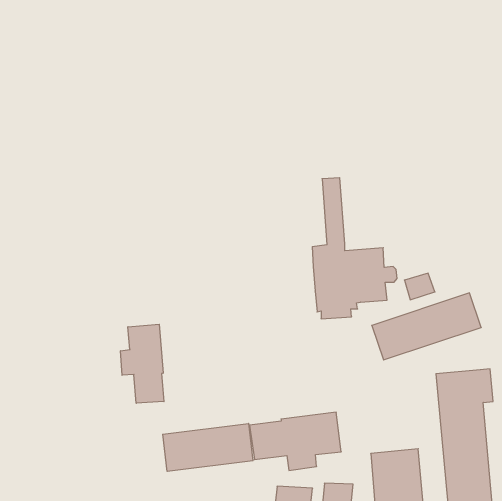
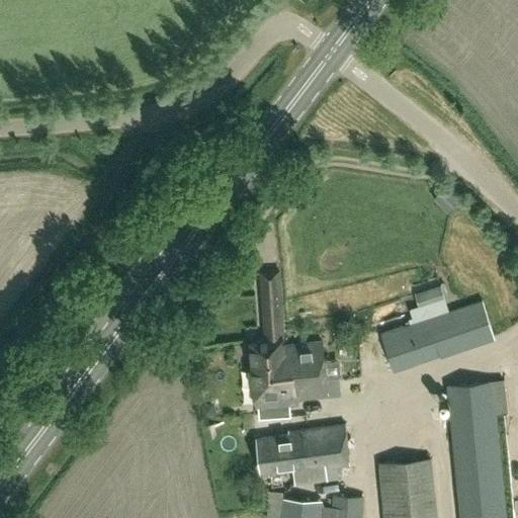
building: [312,178,397,319] -> [251,273,338,418]
building: [121,324,164,403] -> none
building: [163,423,253,471] -> none

